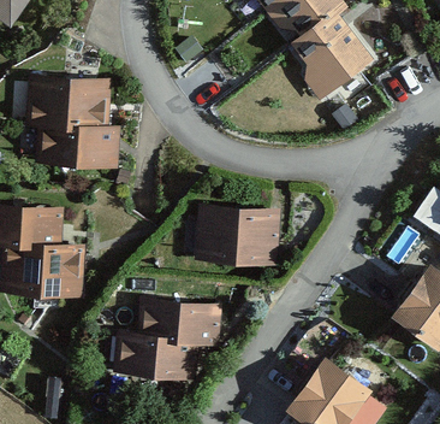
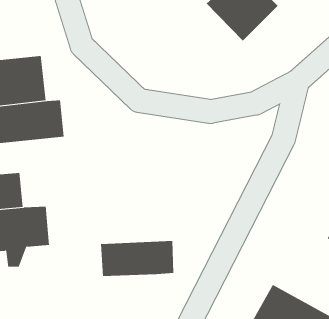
building: [194,207,278,263] -> none
building: [114,329,198,375] -> none

